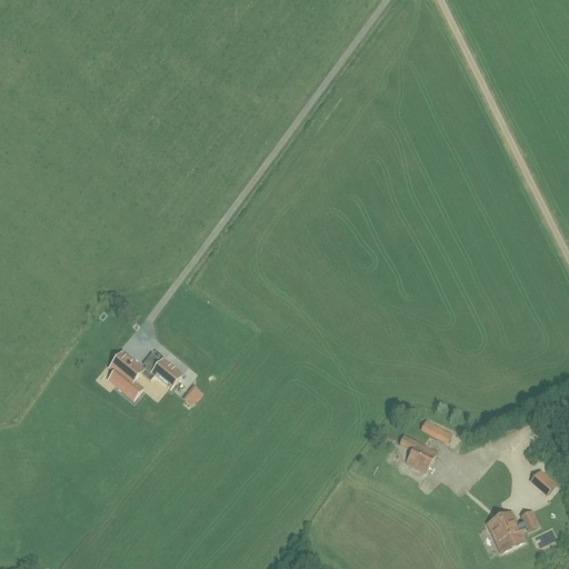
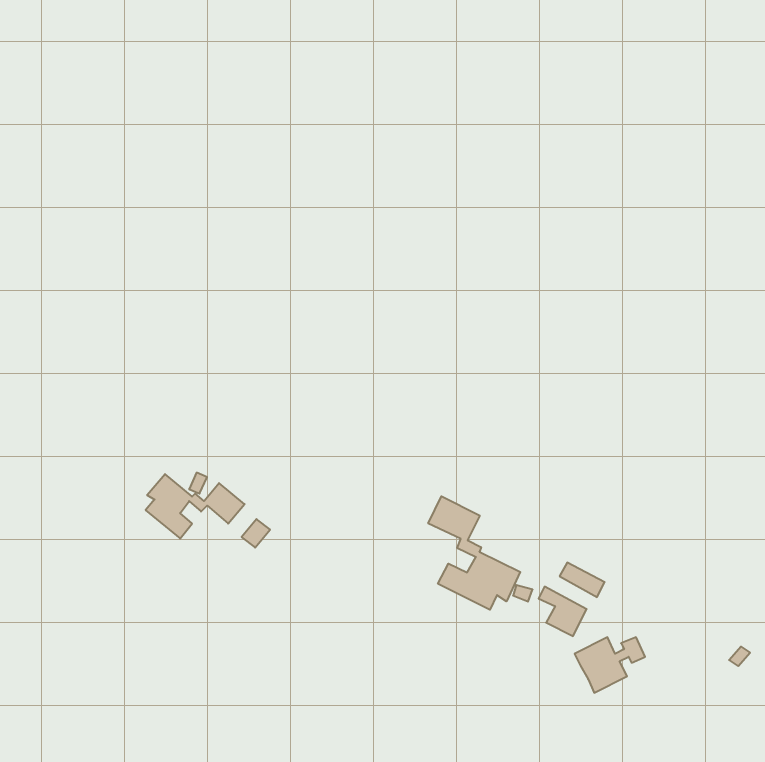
building: none -> [428,496,520,610]
building: [486,511,538,552] -> [575,637,645,693]

